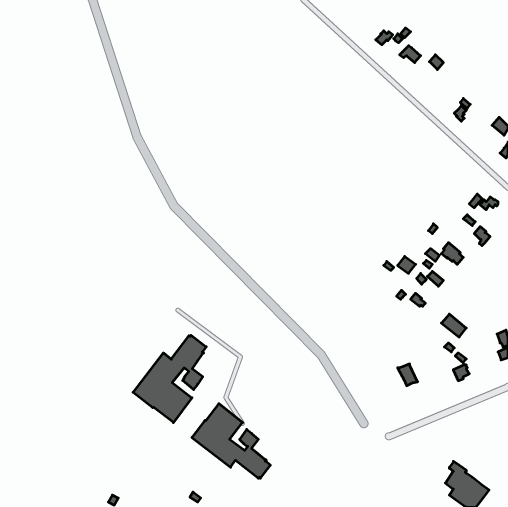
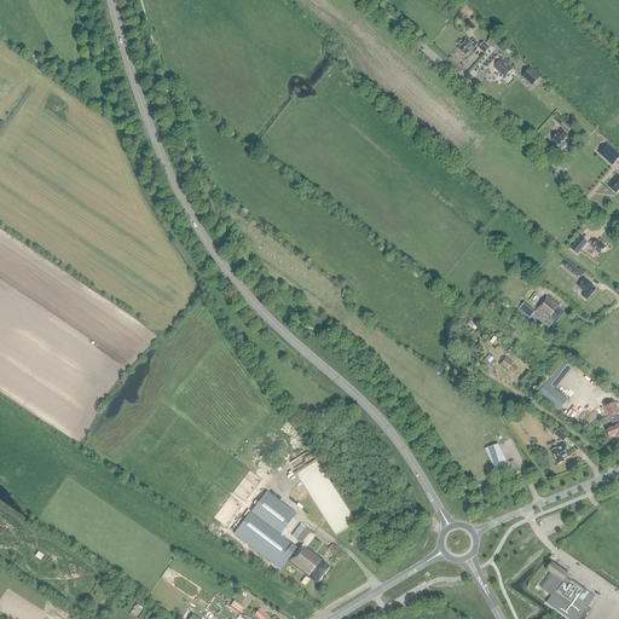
building: [133,335,206,423] -> none

